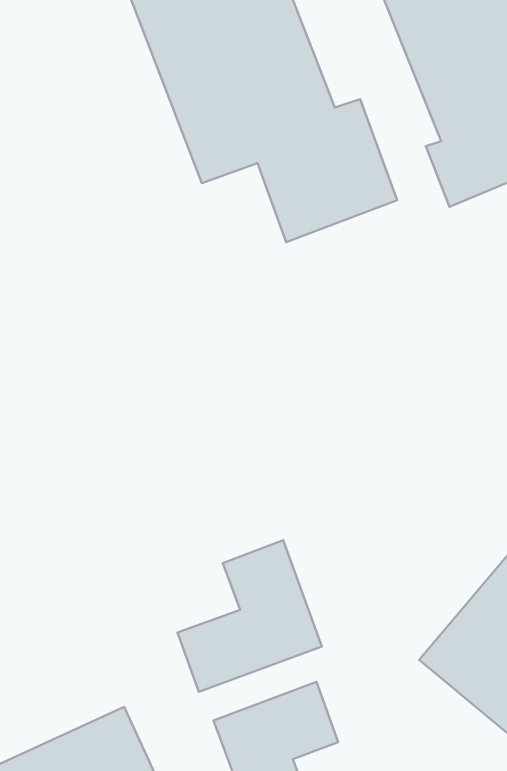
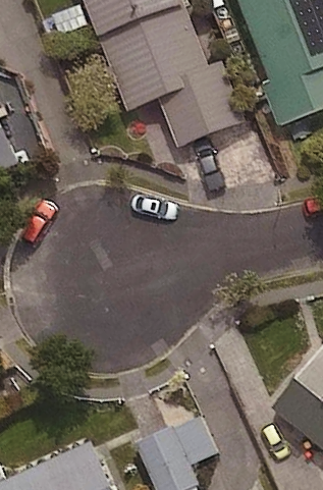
building: [178,540,322,692] -> none

